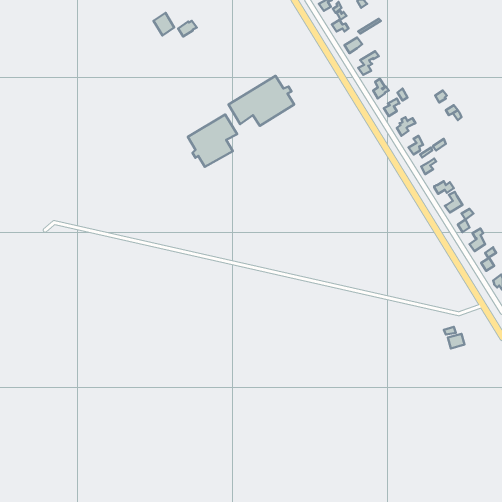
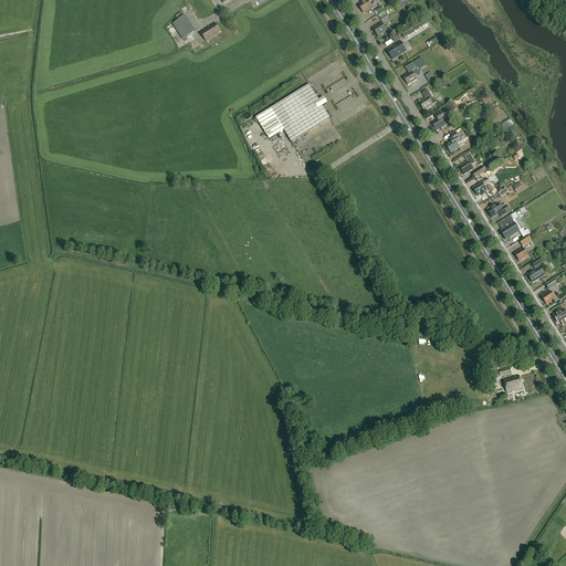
building: [188,114,237,167] -> none

